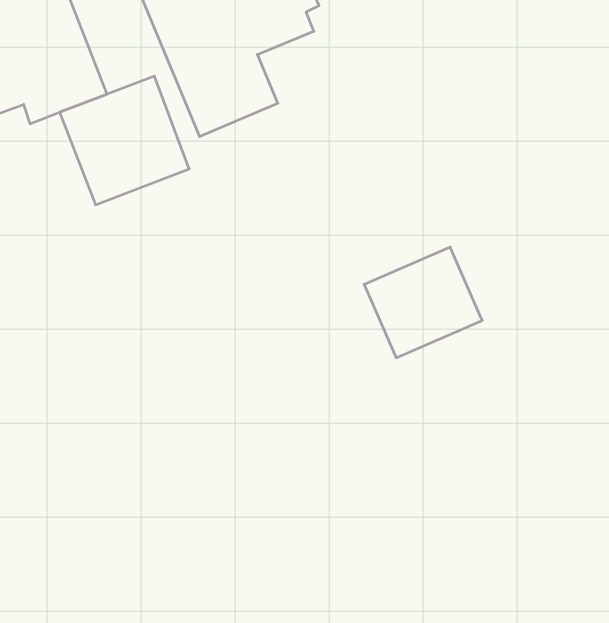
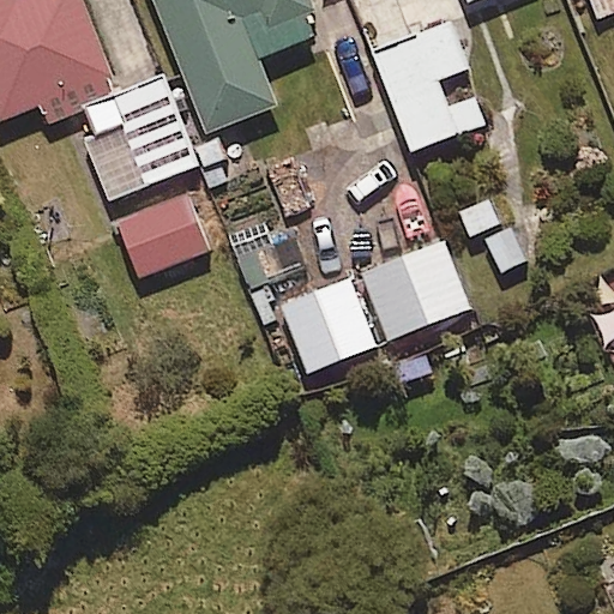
building: none -> [371,25,484,152]
building: none -> [118,193,209,276]
building: none -> [283,278,377,372]

